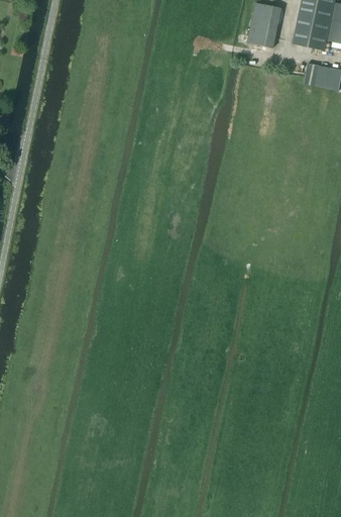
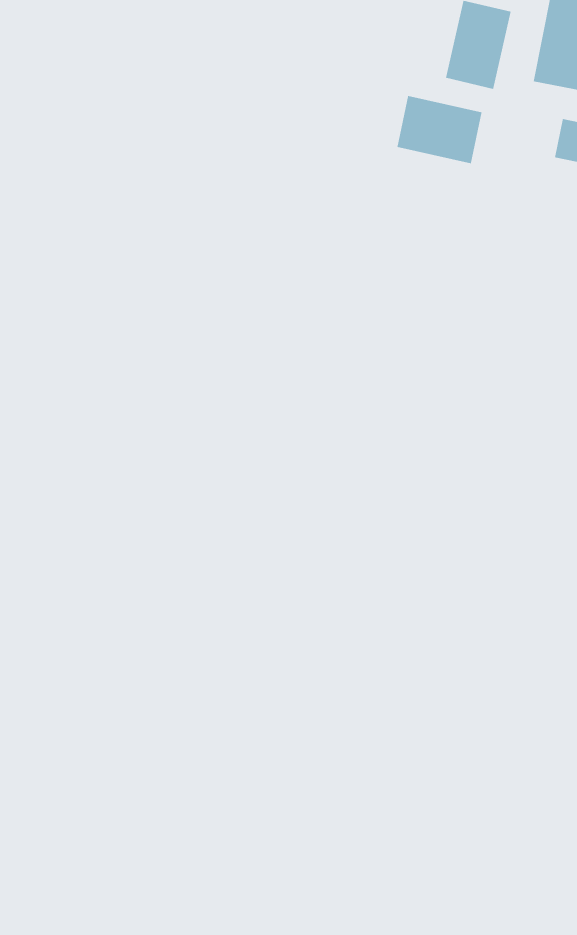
building: none -> [397,95,482,164]

